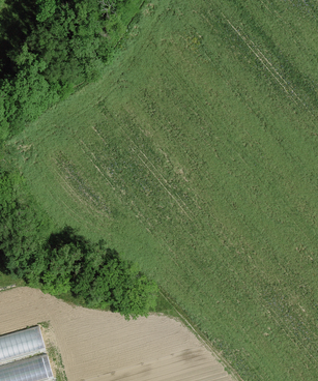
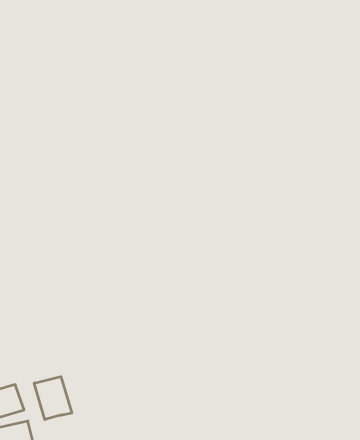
building: none -> [34,377,72,420]

